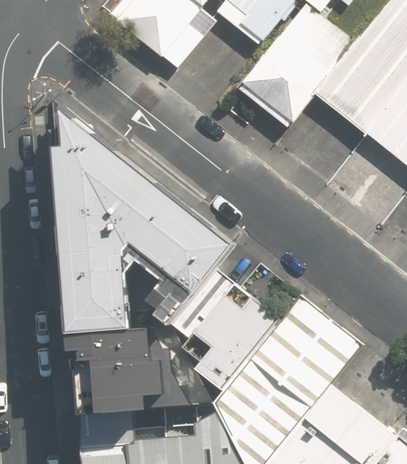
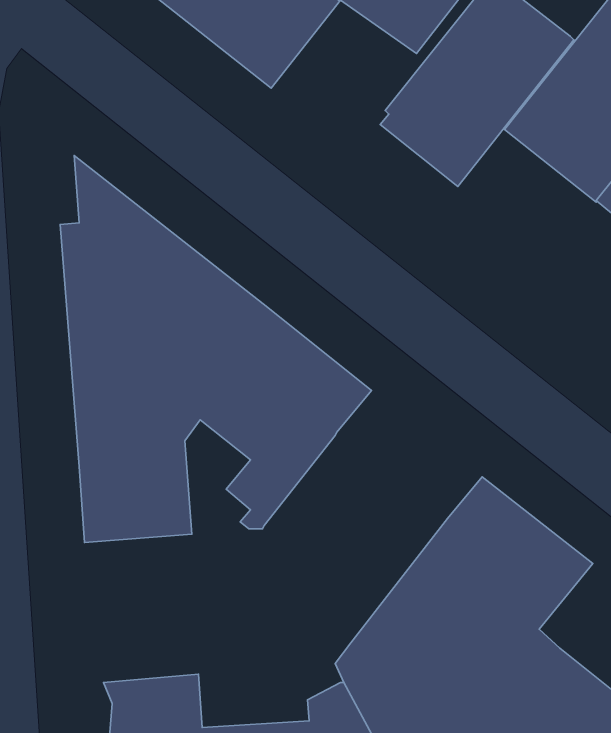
building: [171,268,278,390] -> none
building: [67,327,179,413] -> none

